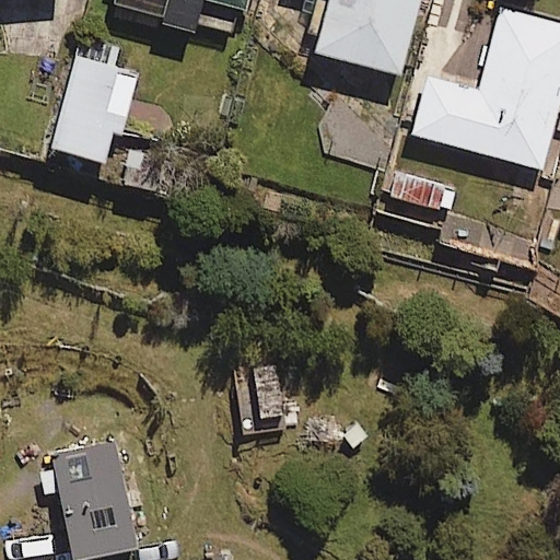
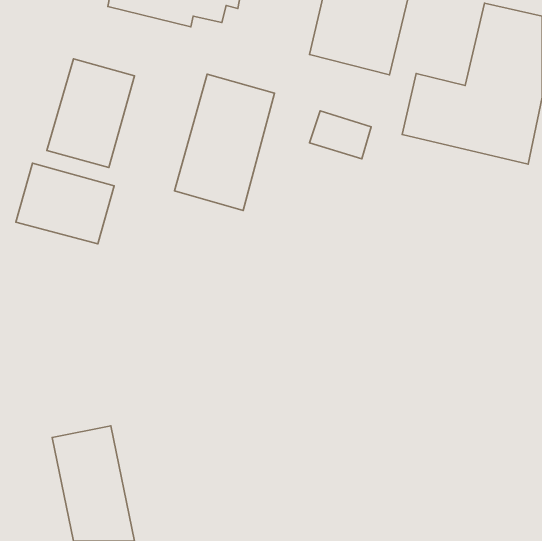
building: none -> [175,74,275,210]
building: none -> [16,163,114,244]

